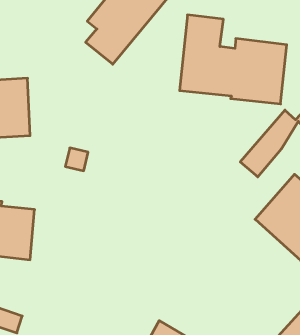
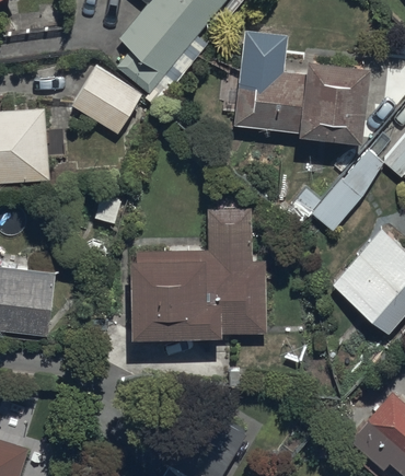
building: none -> [70,66,143,135]
building: none -> [134,224,268,335]

